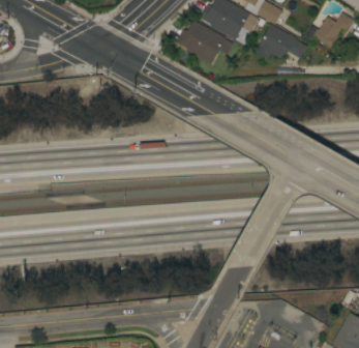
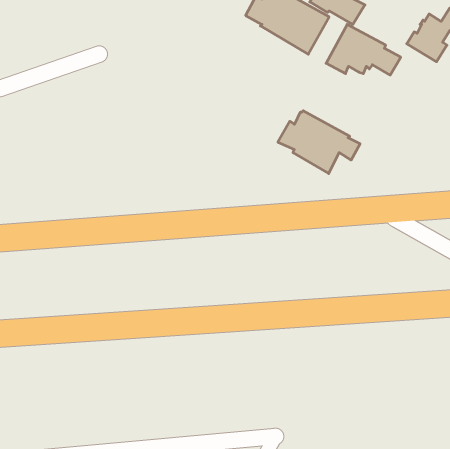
building: [176,21,233,64] -> [278,111,360,174]

